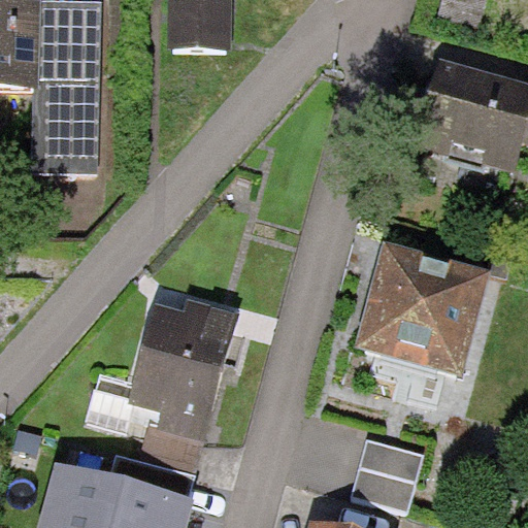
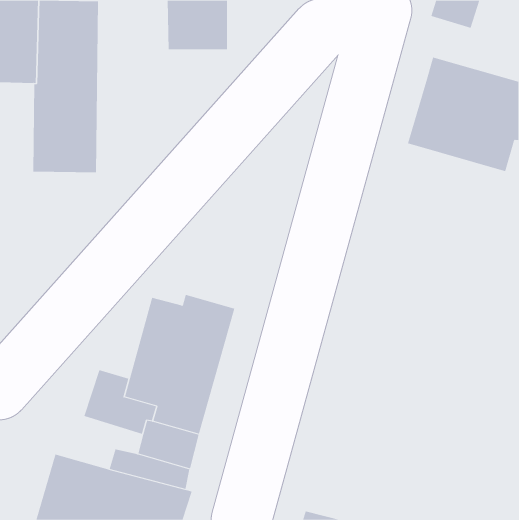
building: [353,240,492,377] -> none
building: [350,439,423,512] -> none

